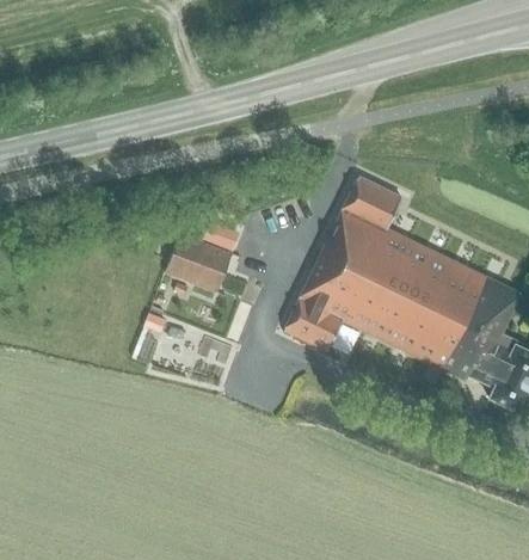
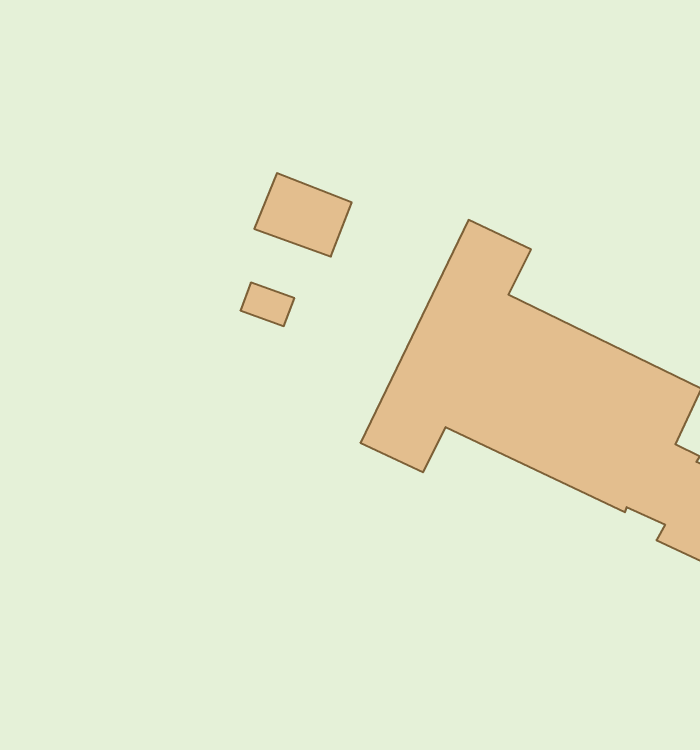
building: [162,233,229,290] -> [254,173,352,257]

